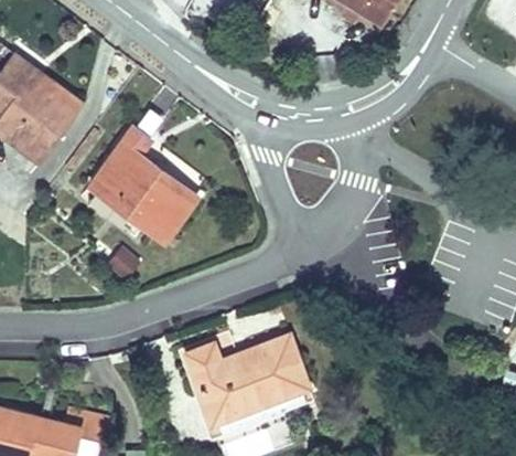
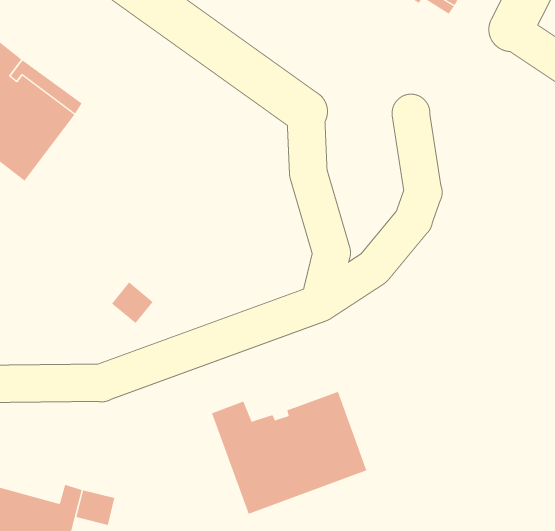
building: [85,123,201,245] -> none

